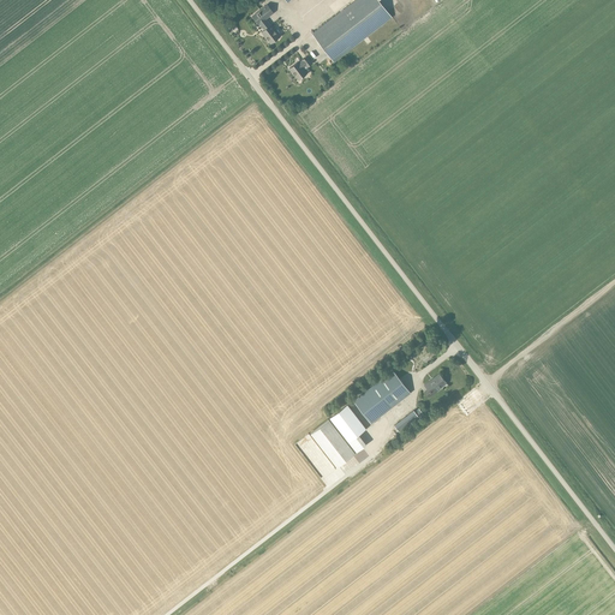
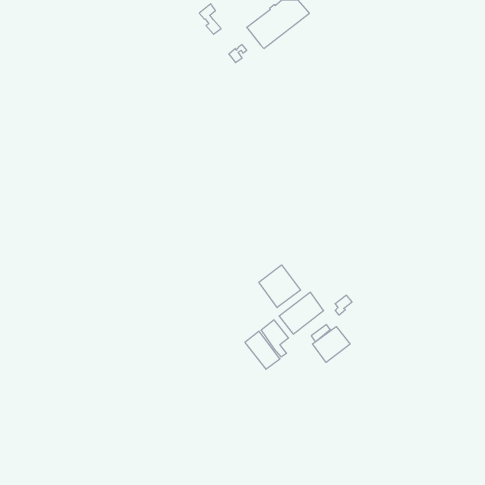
building: none -> [259,265,301,308]
building: none -> [312,327,350,362]

